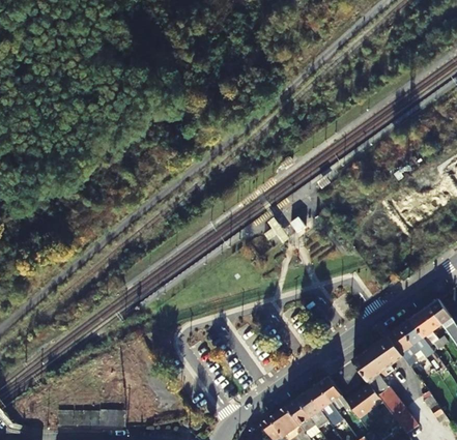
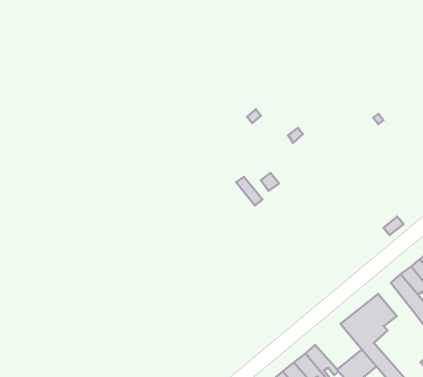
building: [390,328,422,369] -> none

